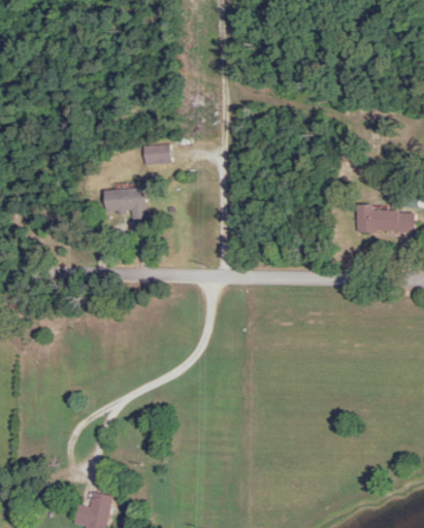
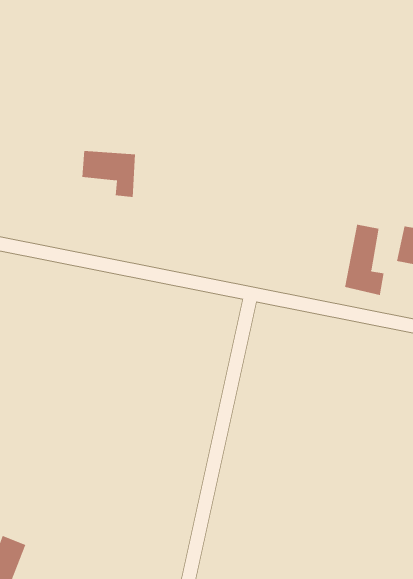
building: [144,146,171,164] -> none
building: none -> [345,224,384,296]

